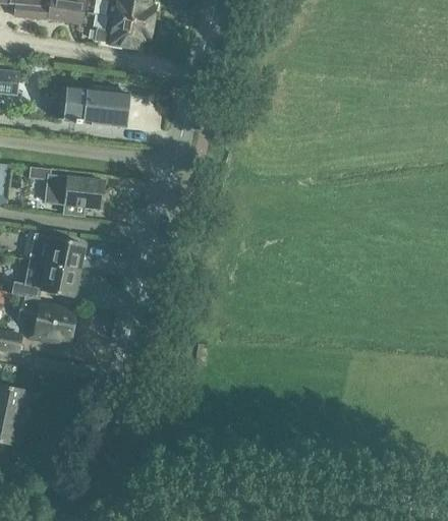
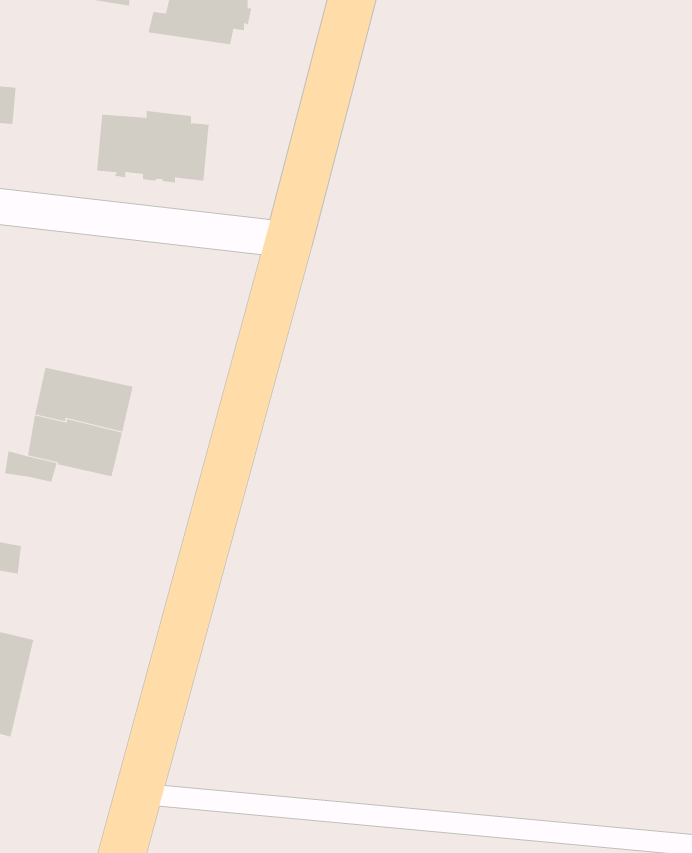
building: [43,174,104,217] -> none
building: [18,301,74,340] -> none

